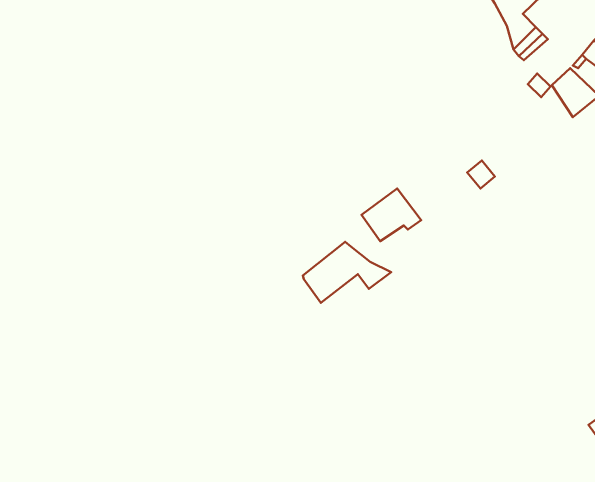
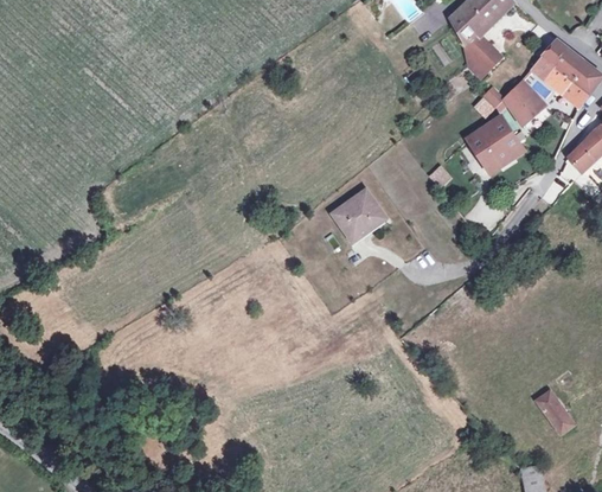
building: none -> [467,116,524,171]
building: [303,242,391,303] -> none

